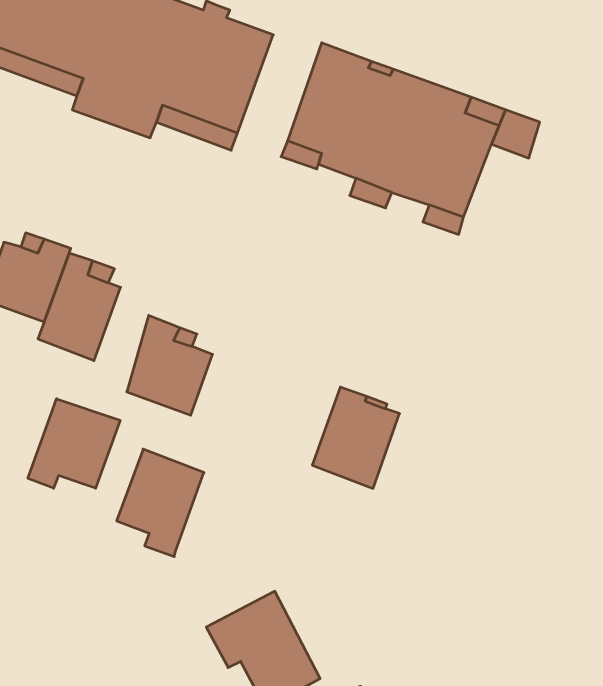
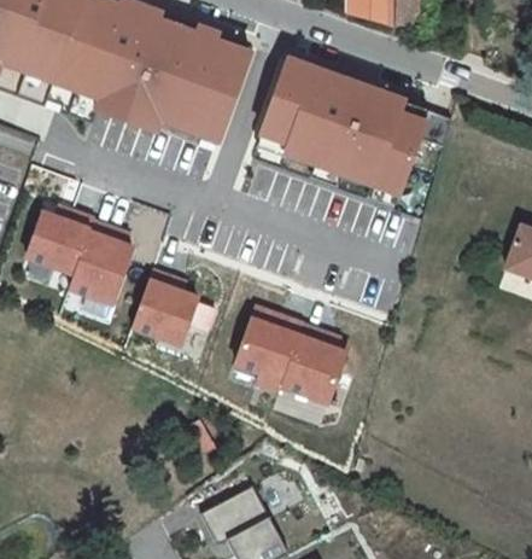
building: [28,399,120,488] -> none
building: [117,449,204,557] -> [234,307,302,390]

